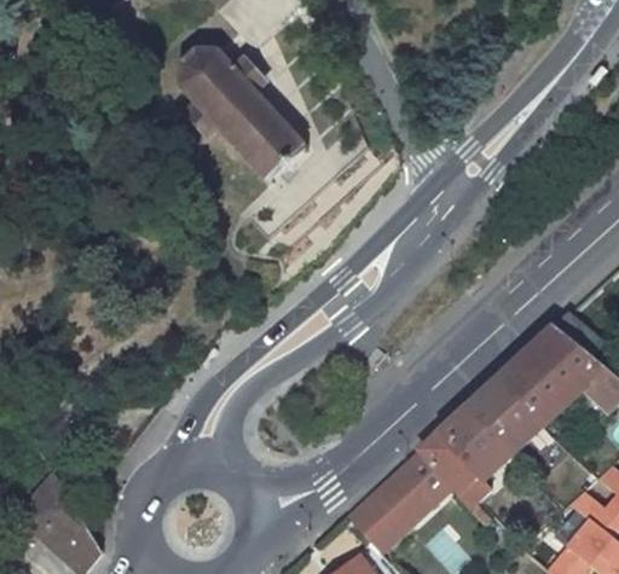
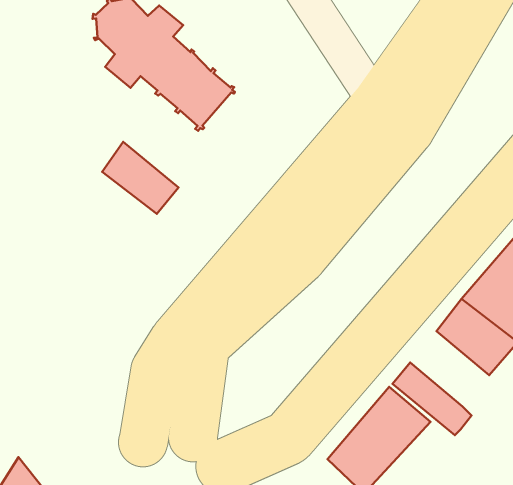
building: none -> [102,142,179,214]
building: [439,405,513,480] -> none

